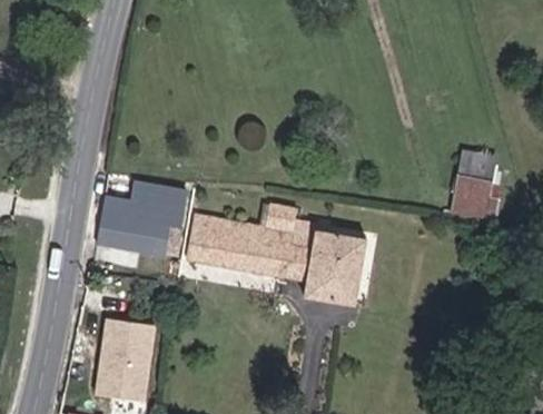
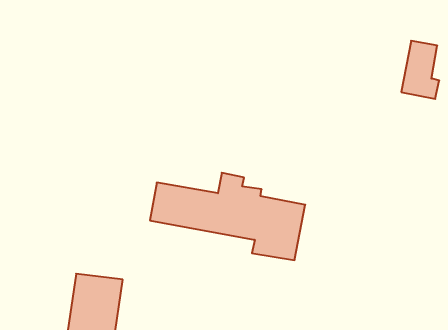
building: [453,152,496,219] -> [401,41,439,99]
building: [98,184,189,255] -> none

